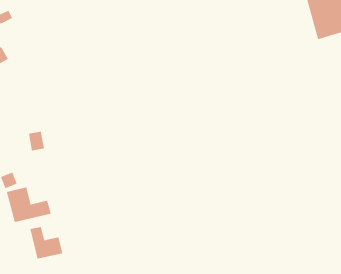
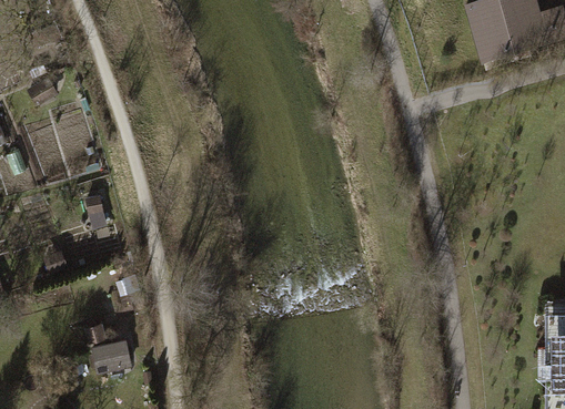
building: [6,187,51,223] -> none

